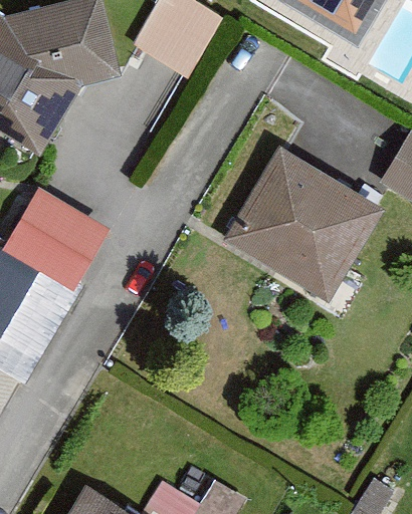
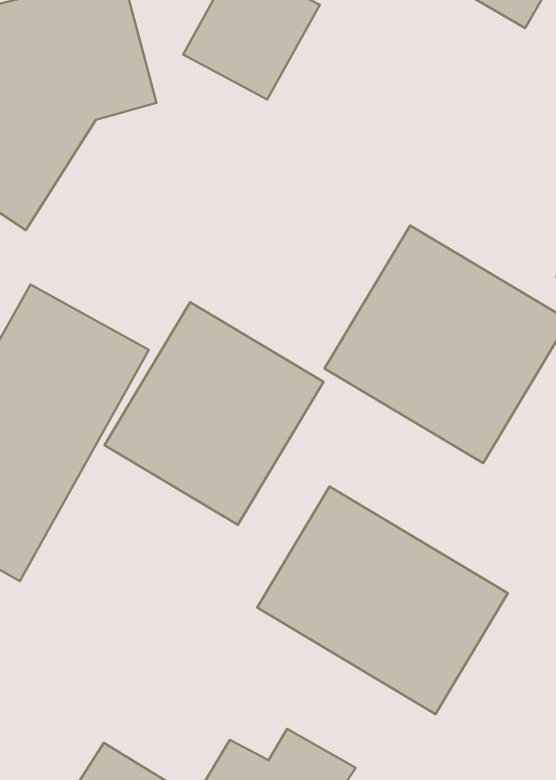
building: none -> [105,302,323,525]
building: none -> [257,487,508,714]

